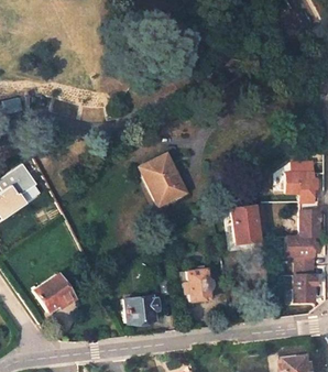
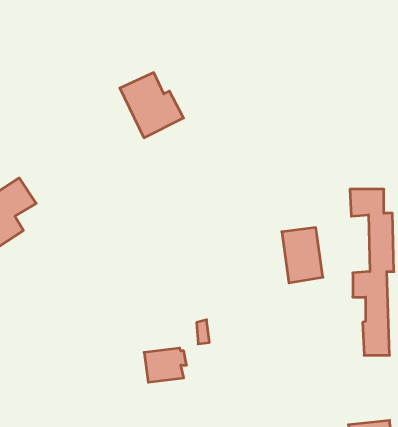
building: [136,154,186,205] -> [120,73,184,138]
building: [181,267,208,300] -> none
building: [30,274,72,311] -> none

